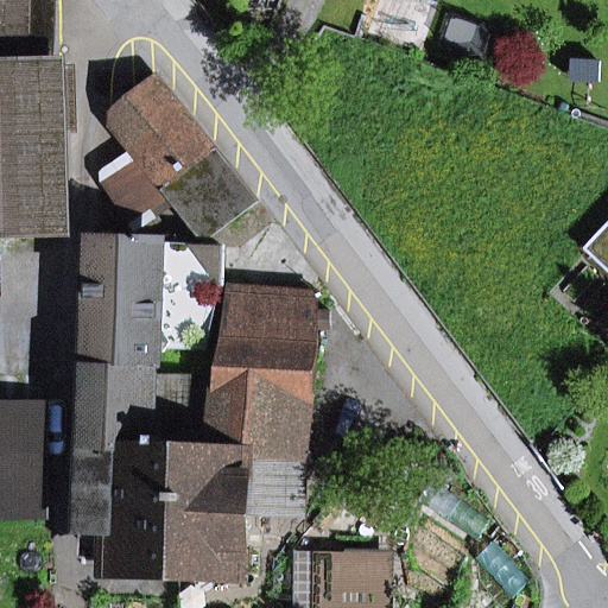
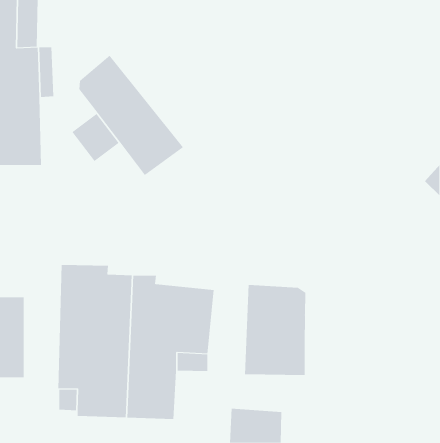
building: [83,238,201,363] -> none
building: [213,287,311,397] -> none
building: none -> [244,284,306,376]

